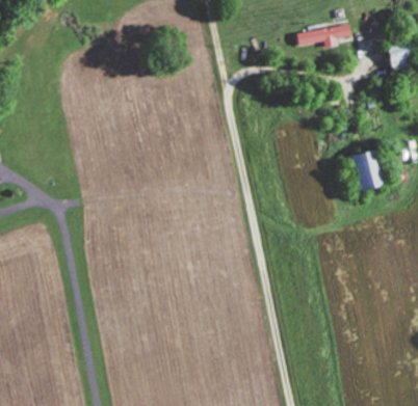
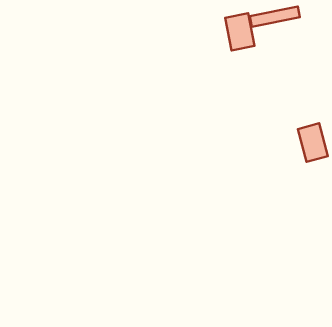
building: none -> [225,13,255,50]

